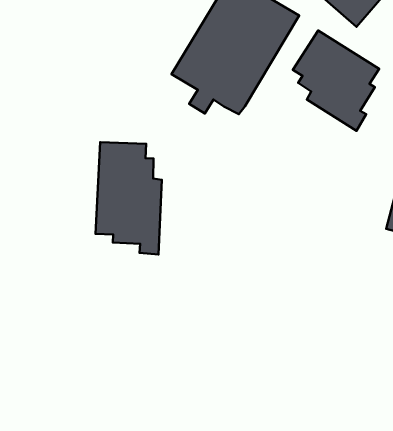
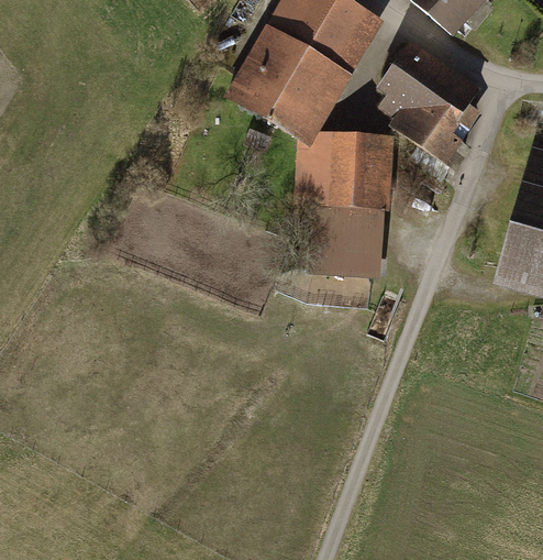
building: none -> [287,134,396,273]
building: [96,142,162,255] -> none

